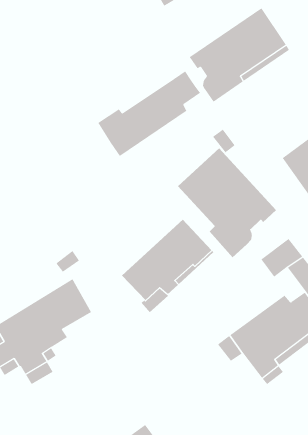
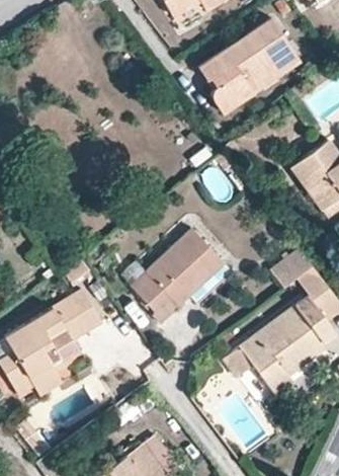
building: [97,70,201,157] -> none
building: [177,147,277,258] -> none

